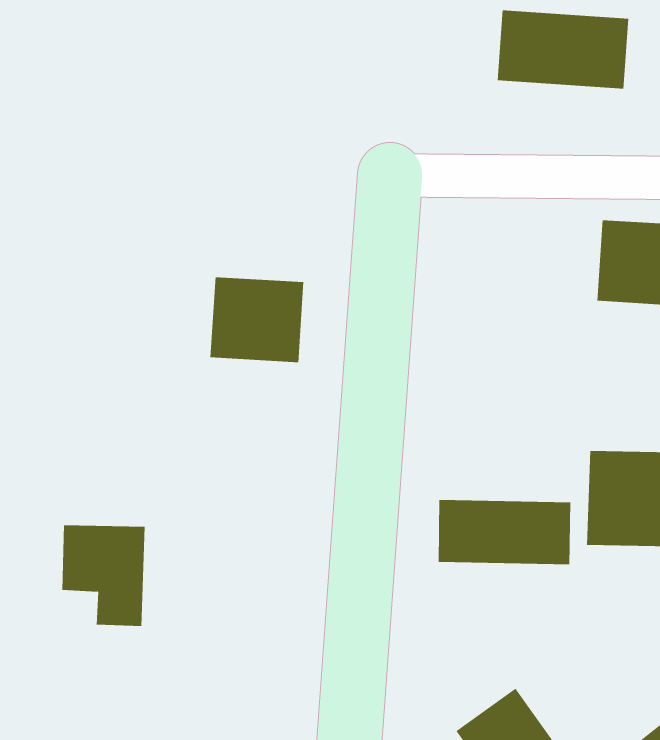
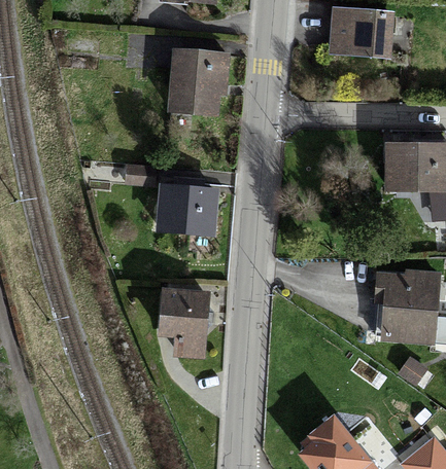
building: none -> [168,59,226,108]
building: [438,499,571,565] -> none
building: [61,525,146,626] -> [155,292,205,353]

